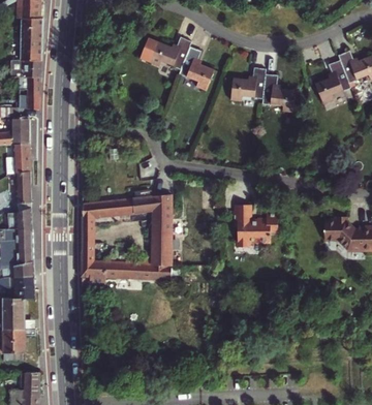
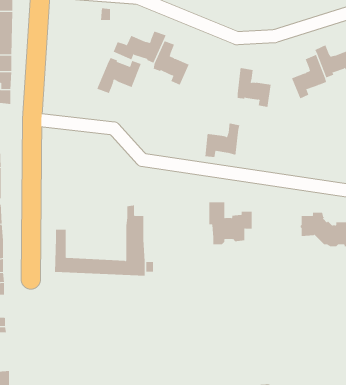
building: none -> [97,57,142,94]
building: [231,67,267,101] -> [205,123,240,158]
building: [84,194,172,232] -> none

